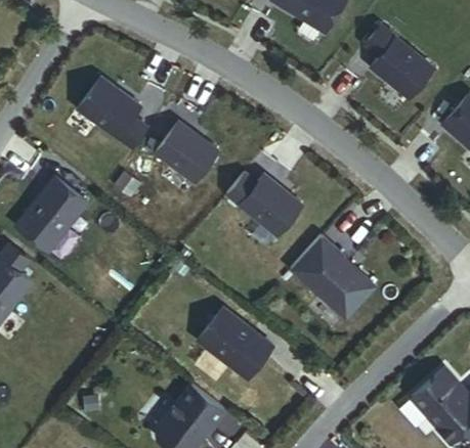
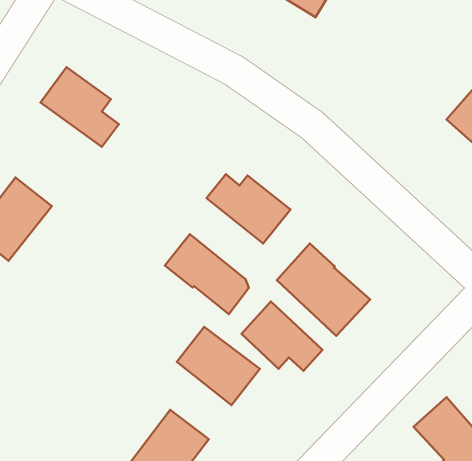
building: [365,24,433,97] -> none
building: [155,122,218,182] -> none
building: none -> [165,234,249,314]
building: none -> [241,302,322,371]

